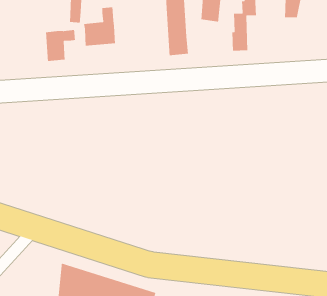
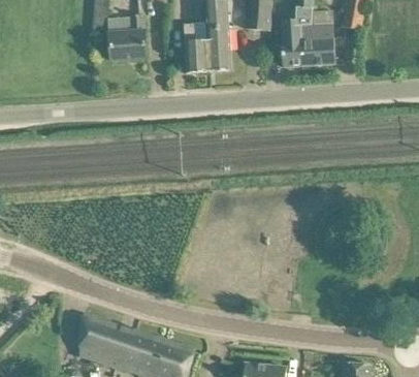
building: none -> [184,22,210,72]
building: none -> [301,24,336,65]
building: [45,29,76,62] -> none

